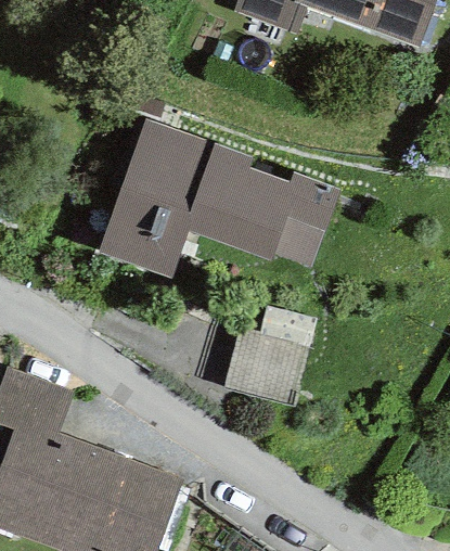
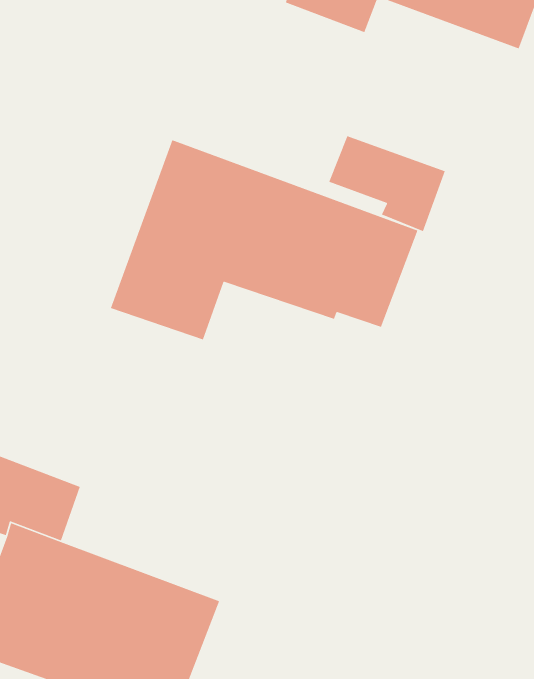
building: none -> [328,135,446,232]
building: [224,307,318,406] -> none

